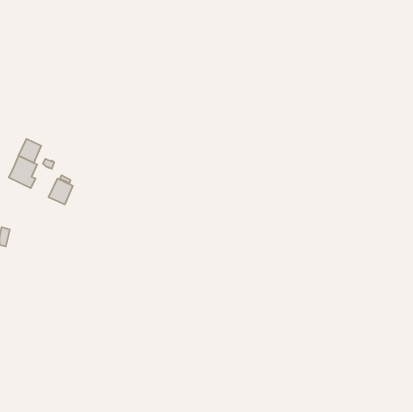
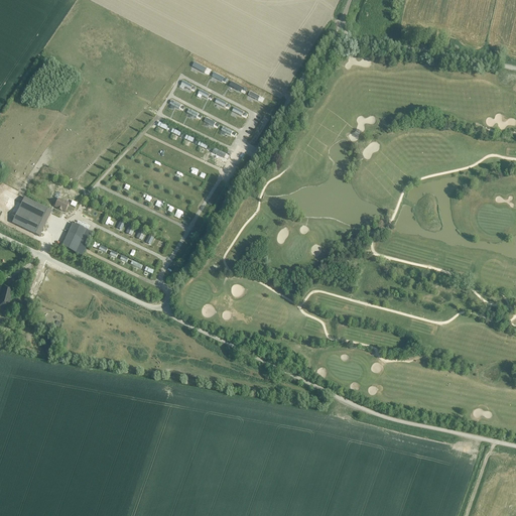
building: [18,139,41,163] -> none

